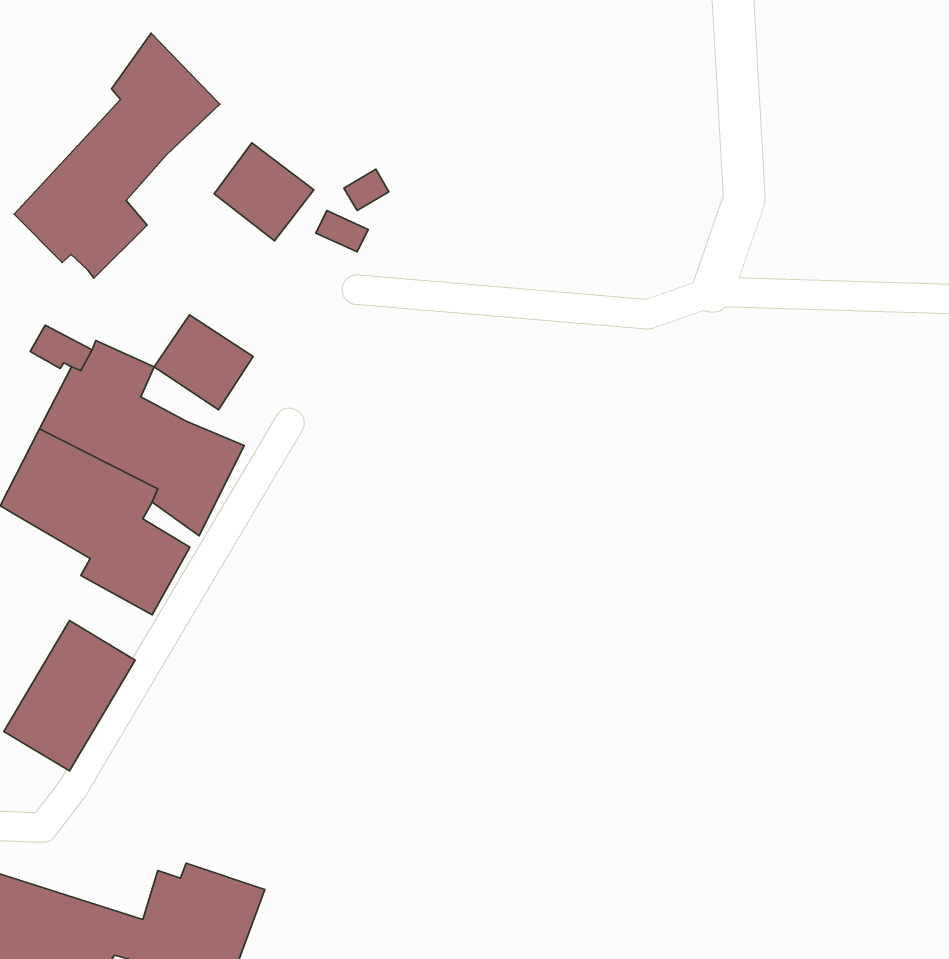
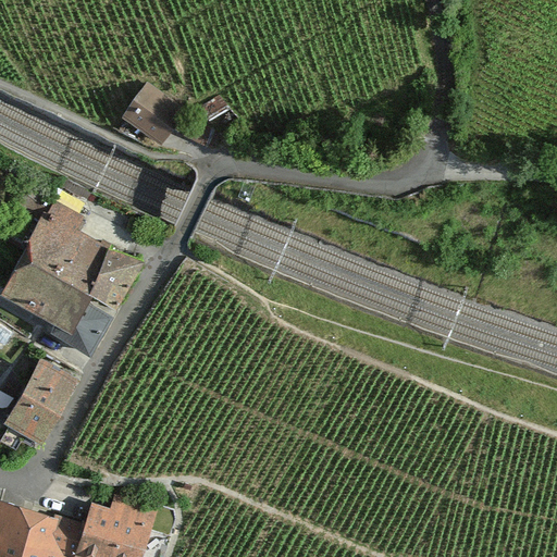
building: [14,33,220,278] -> none
building: [154,315,253,410] -> none

